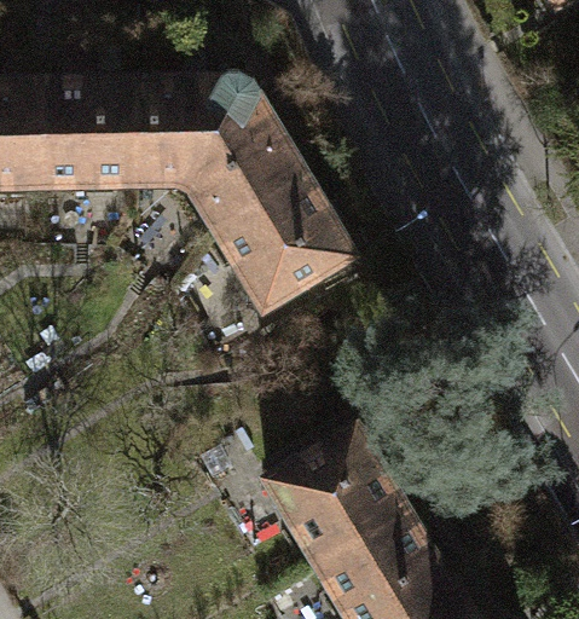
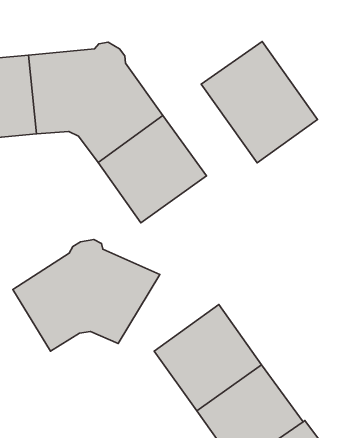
building: none -> [201,41,317,163]
building: none -> [13,239,160,351]

